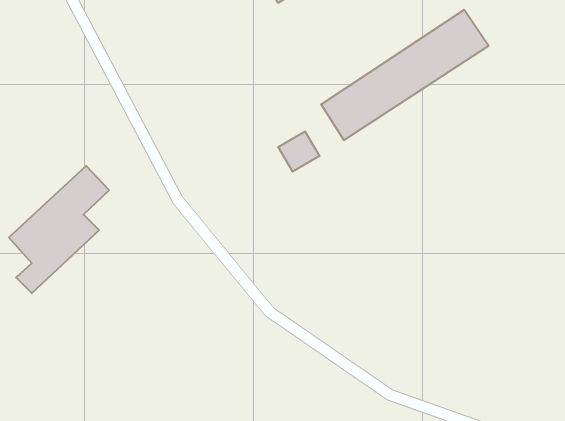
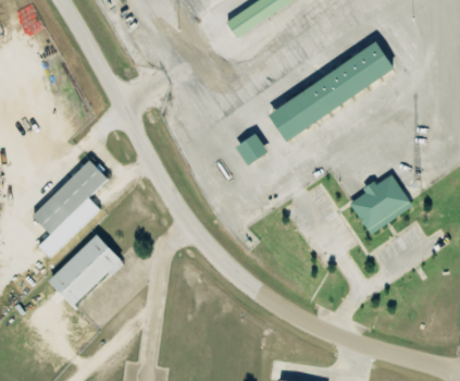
building: none -> [349,173,412,232]
building: none -> [48,233,122,306]

